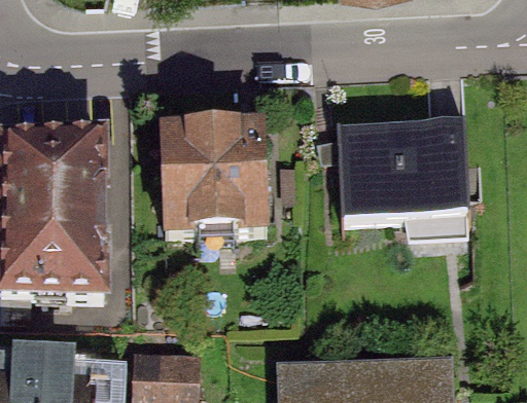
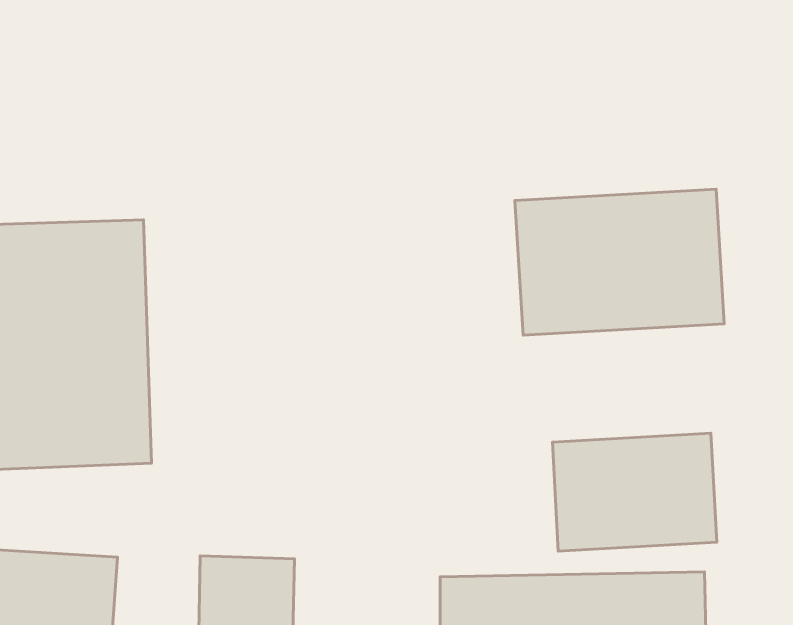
building: [161,127,266,230] -> none
building: none -> [553,433,717,551]

